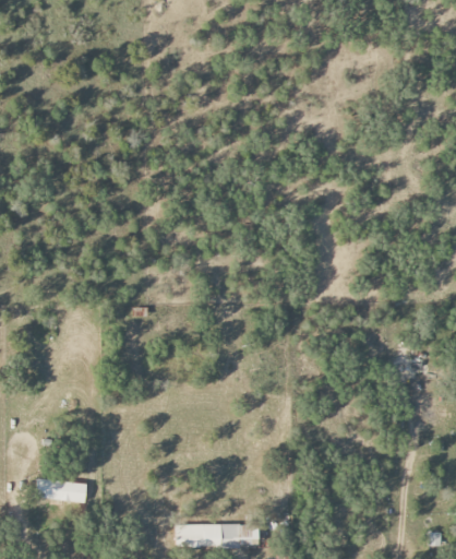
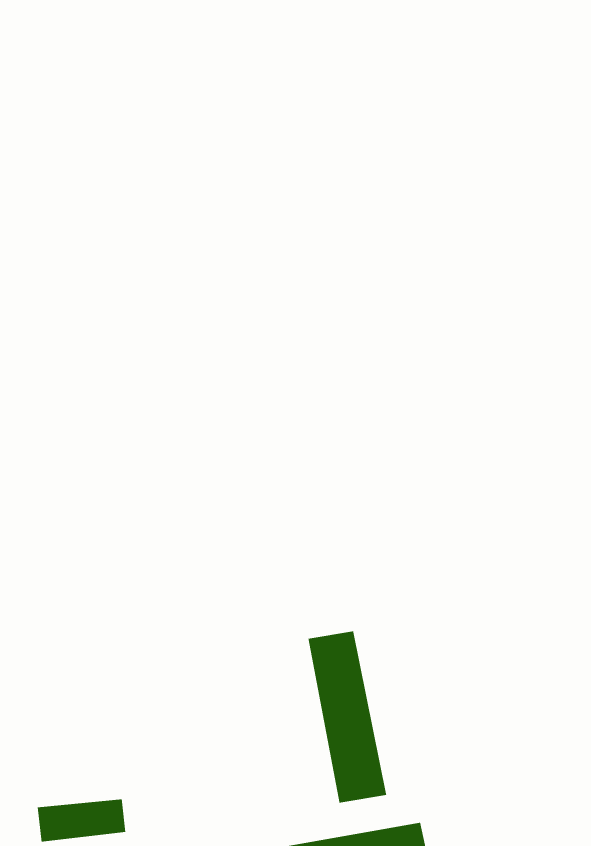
building: none -> [308,631,387,804]

